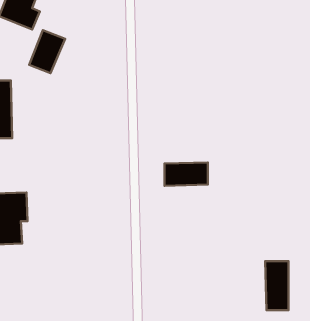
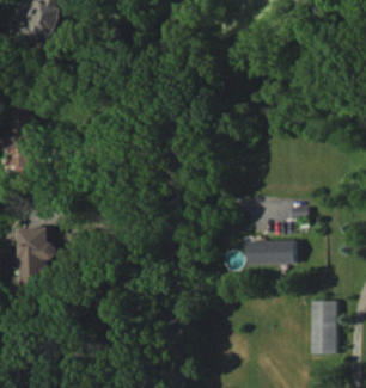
building: [29,30,65,73] -> none
building: [164,162,208,186] -> [246,240,293,265]

